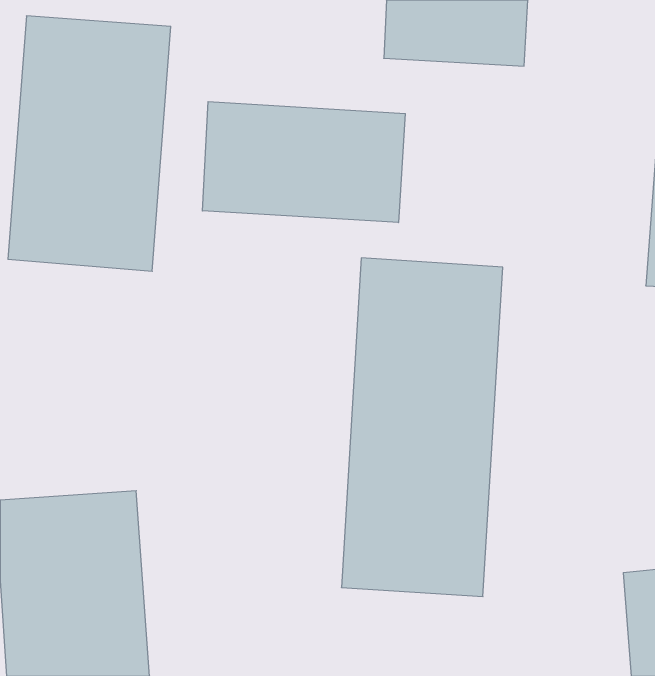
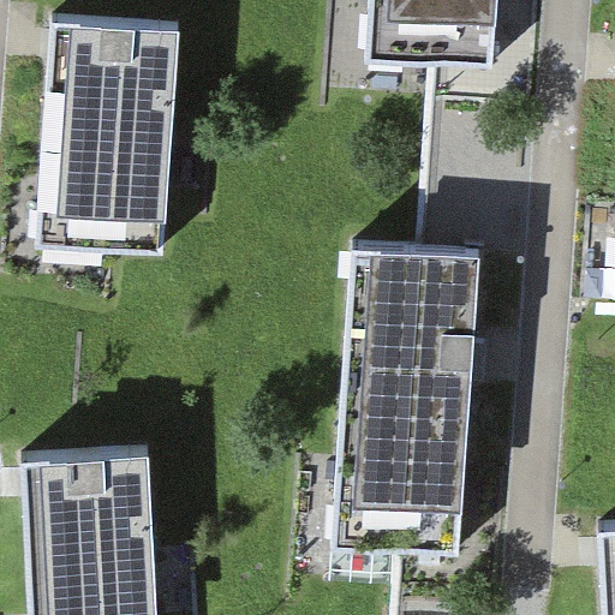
building: [202,102,405,223] -> none

